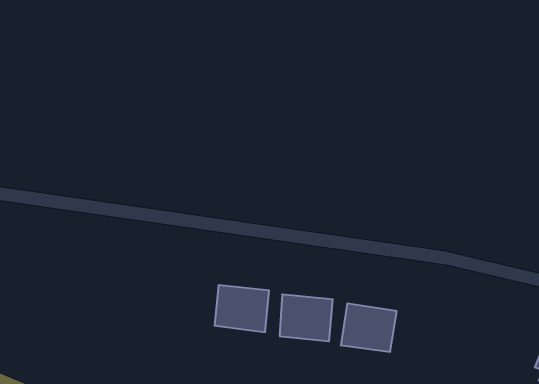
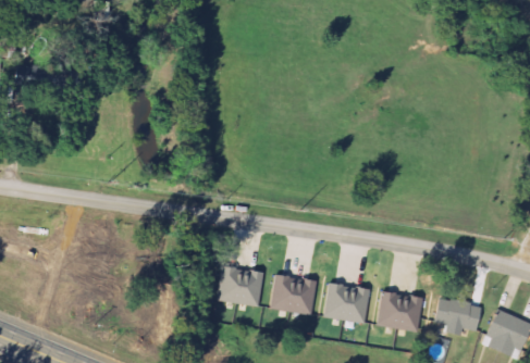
building: none -> [375,292,424,331]
building: none -> [433,298,481,329]

